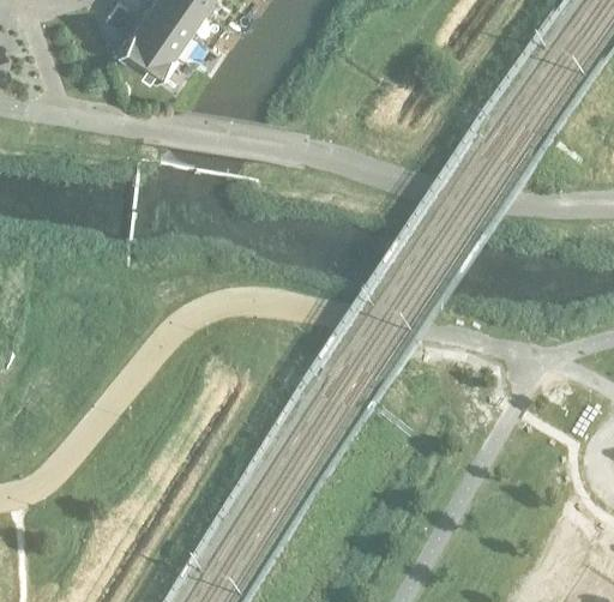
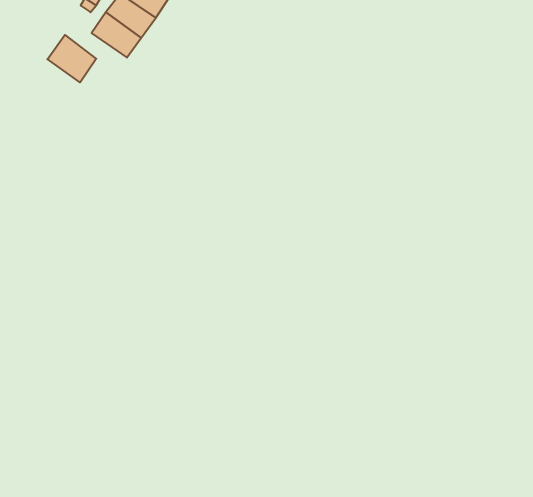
building: none -> [47,35,96,82]

